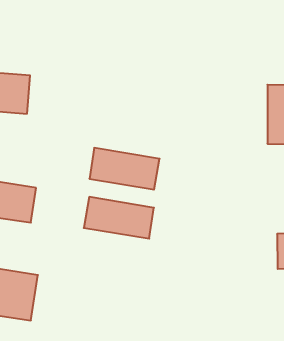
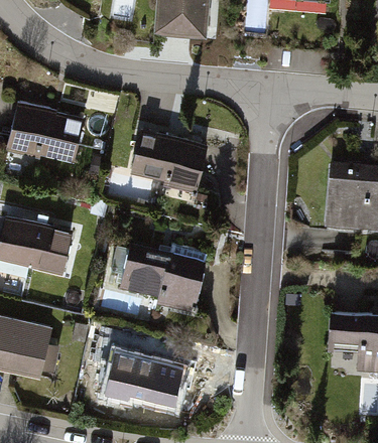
building: [89,148,160,190] -> [129,138,206,188]
building: none -> [108,351,184,401]

